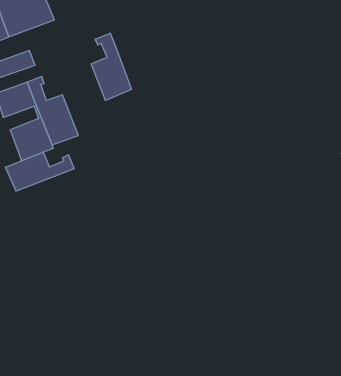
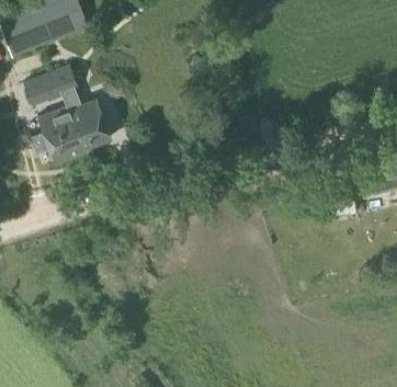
building: [91,33,131,100] -> none
building: [5,152,74,191] -> none

